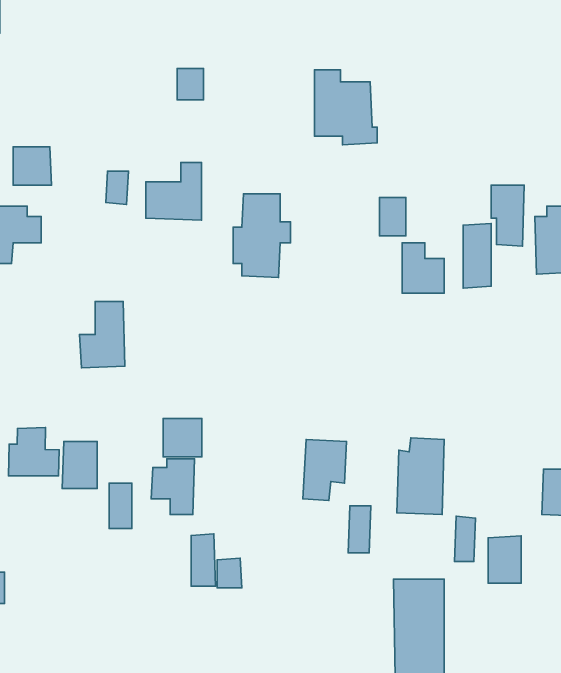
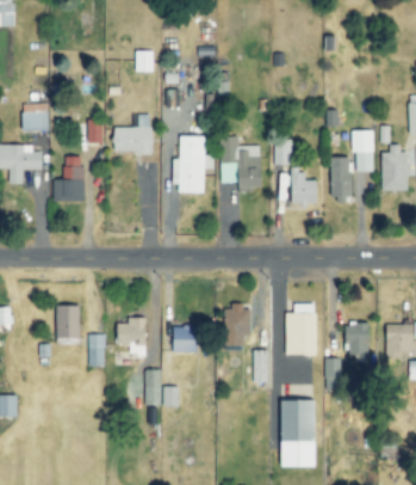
building: [314,70,377,145] -> [221,137,263,189]
building: [80,302,125,368] -> [52,156,83,202]
building: [163,419,202,457] -> [172,326,198,352]
building: [8,428,59,476] -> none
building: [488,536,521,583] -> [347,323,370,355]

